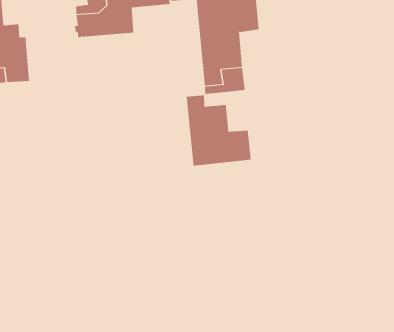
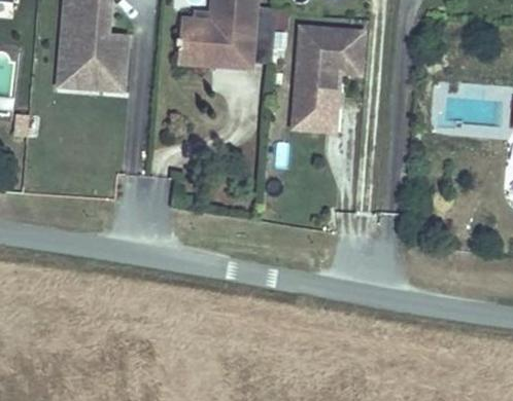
building: none -> [175,32,275,64]
building: [186,94,251,166] -> none

